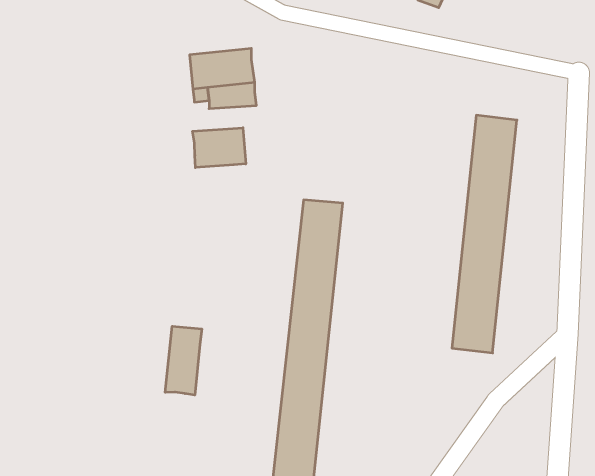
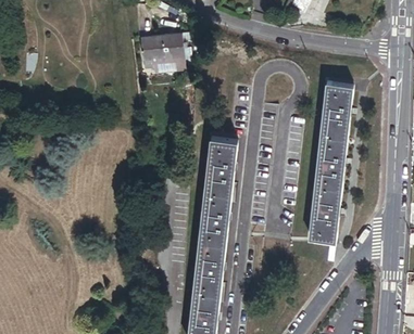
building: [193,128,246,168] -> none
building: [165,326,202,395] -> none

